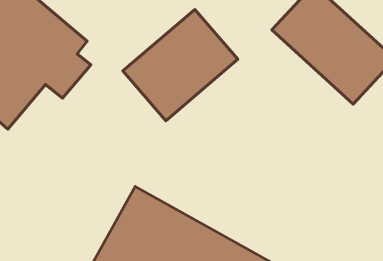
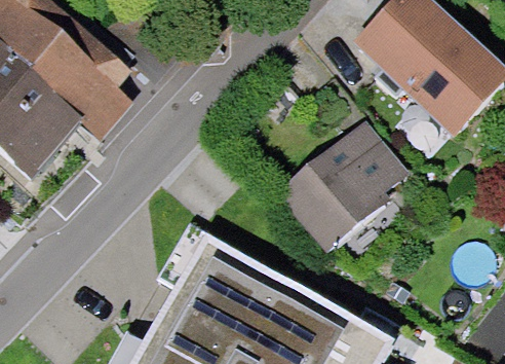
building: [123,9,238,121] -> none
building: none -> [267,117,412,255]

